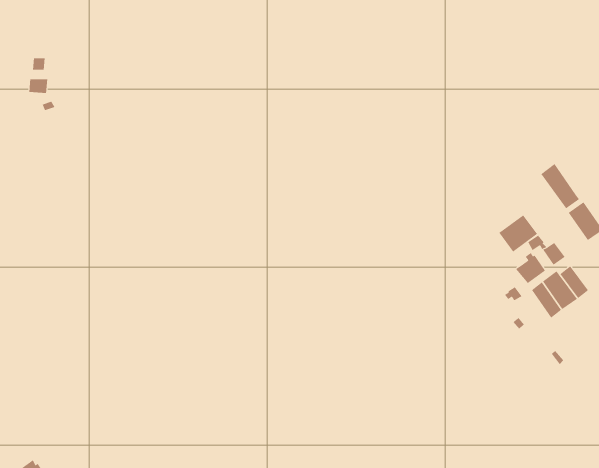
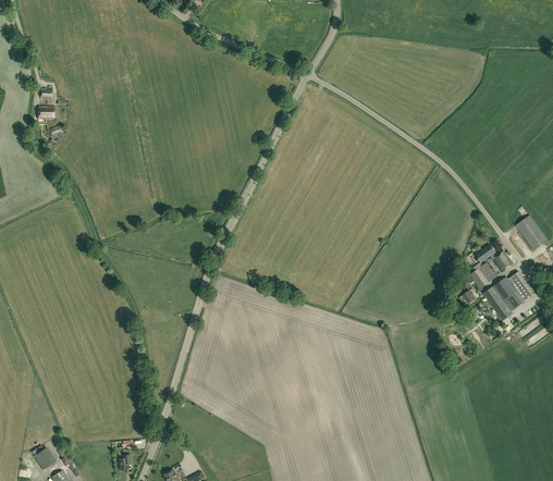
building: [541,163,580,209] -> none
building: [498,214,538,252] -> none

